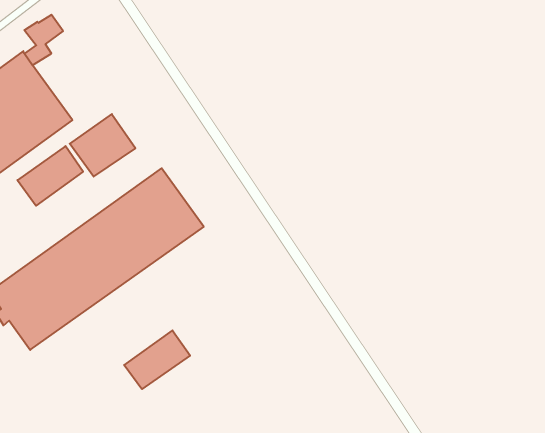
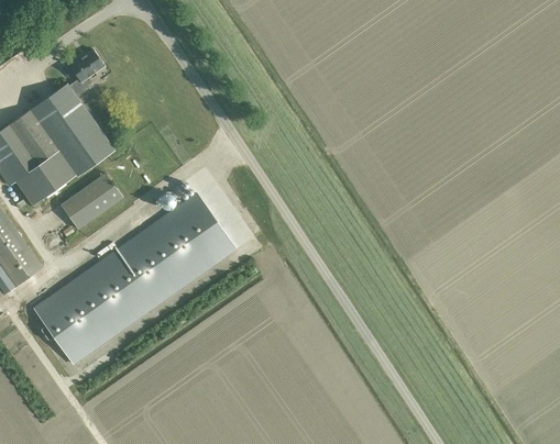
building: [70,114,135,177] -> none
building: [124,330,190,389] -> none

